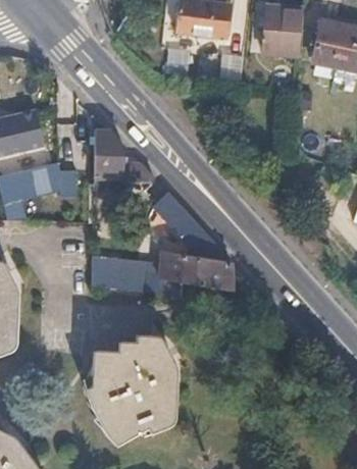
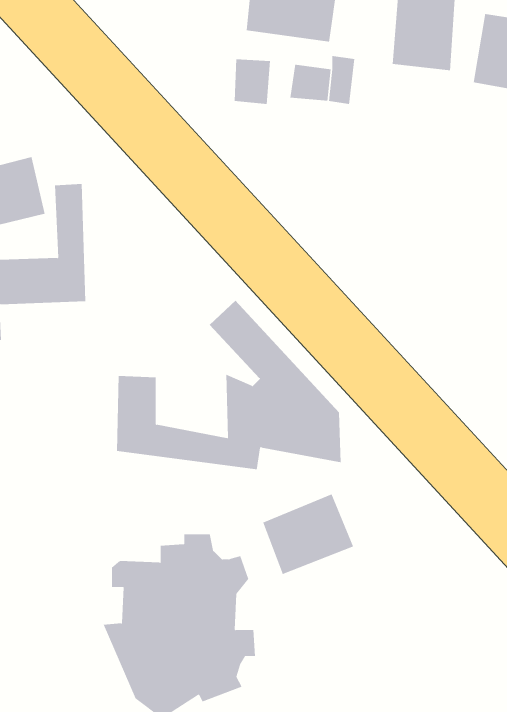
building: [96,117,162,187] -> none
building: none -> [263,493,354,575]

